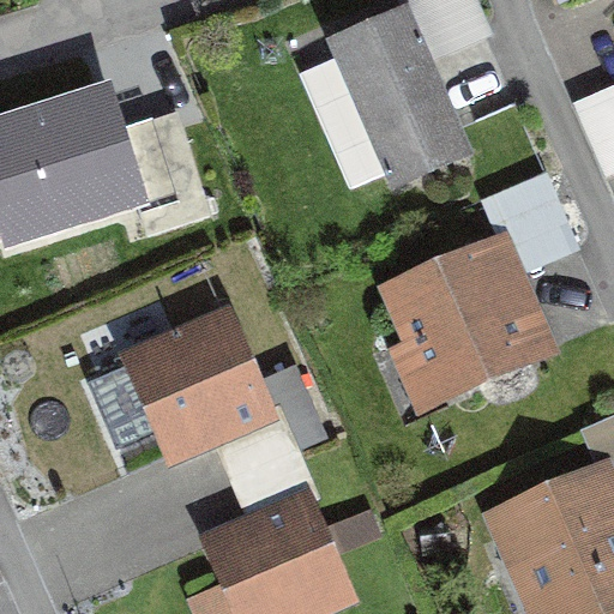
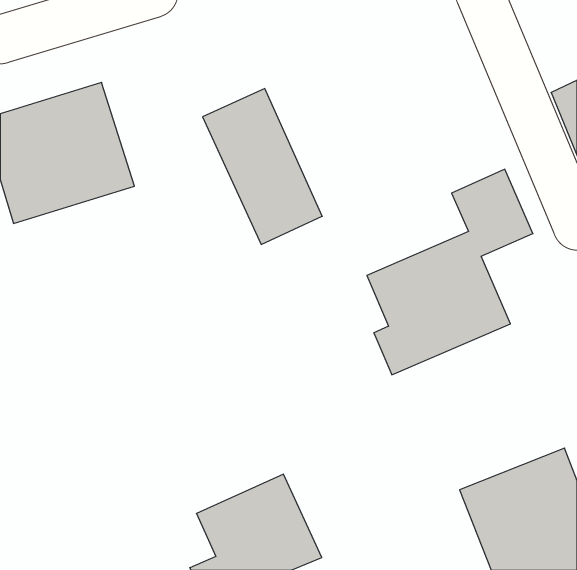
building: [329,18,456,183] -> [203,89,322,244]
building: [130,320,260,446] -> none

